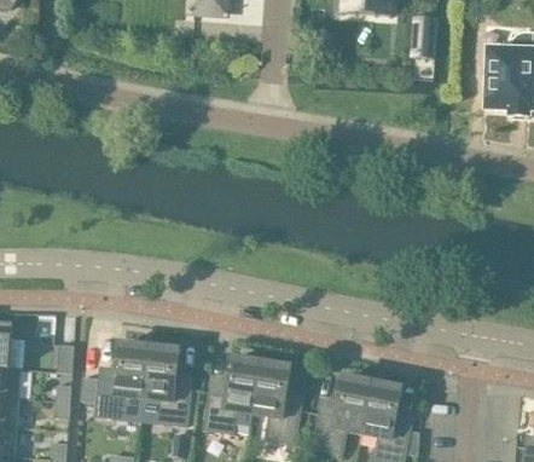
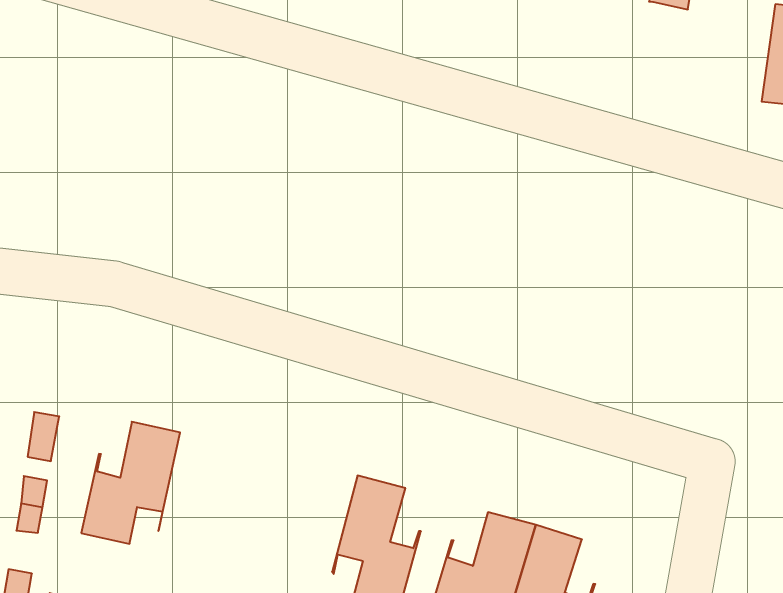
building: [141,347,191,426] -> none
building: [203,358,260,433] -> none

